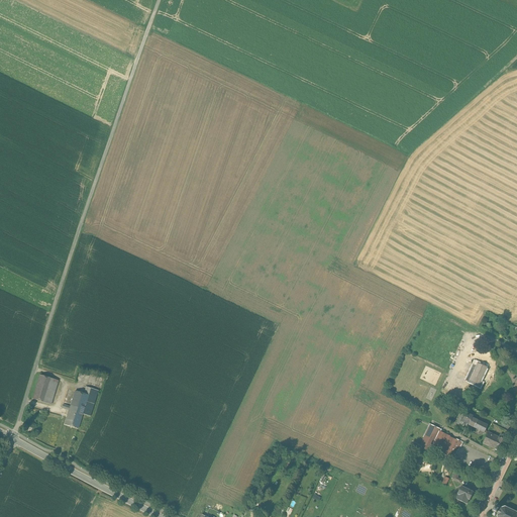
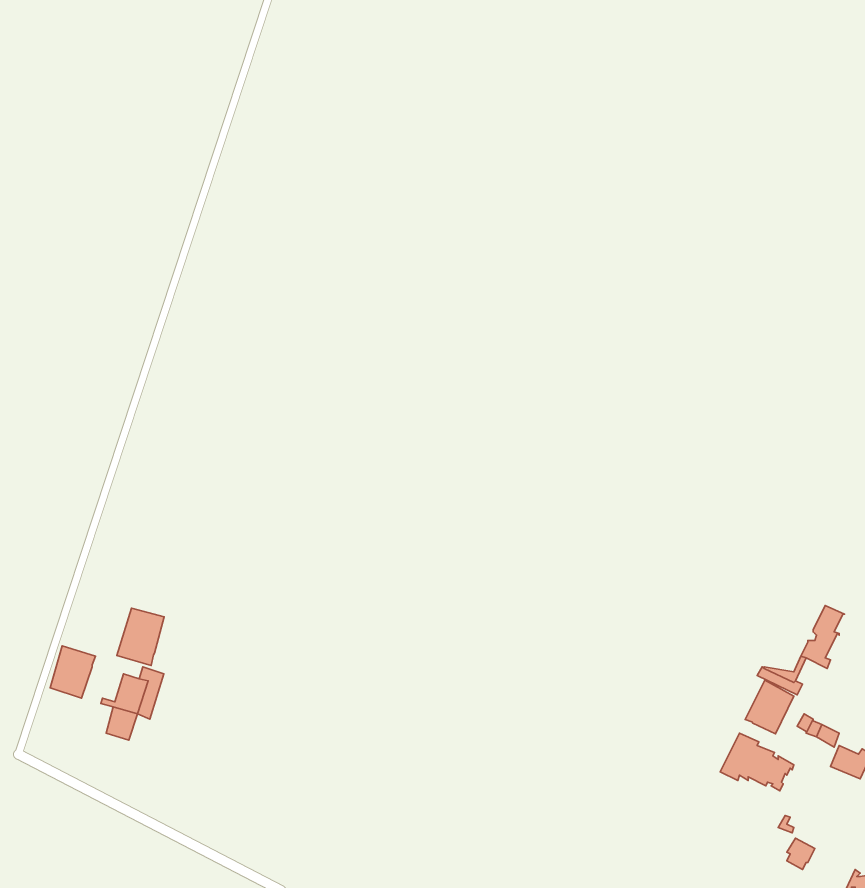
building: none -> [117,608,164,665]
building: none -> [745,680,794,734]

